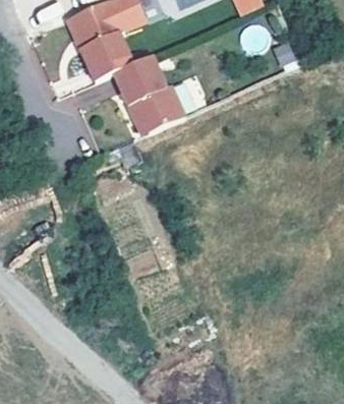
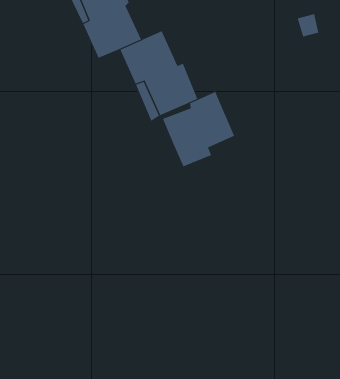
building: none -> [162,91,235,167]

